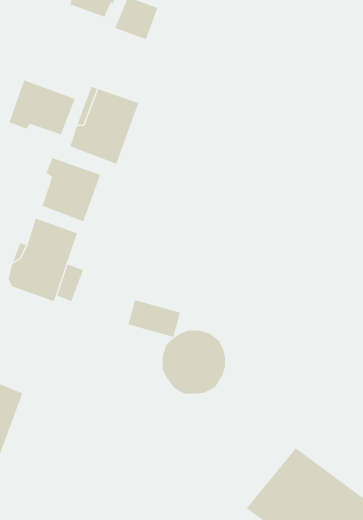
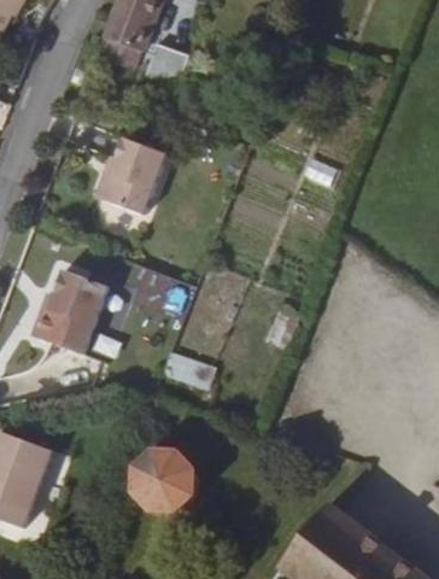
building: [9,80,75,135] -> none
building: [42,157,101,222] -> none
building: [162,330,226,394] -> [131,446,197,511]

